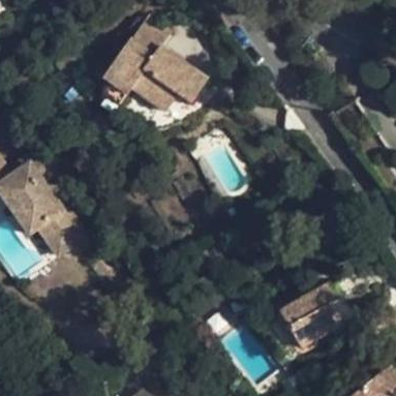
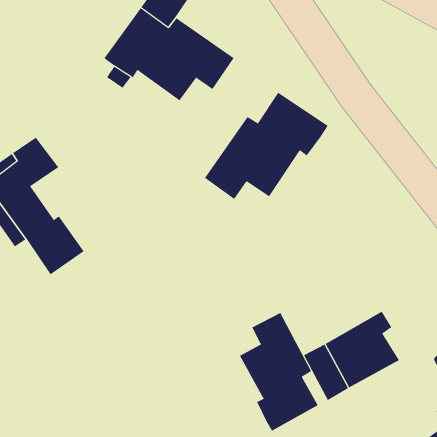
building: none -> [204,92,329,200]
building: none -> [239,312,318,432]

